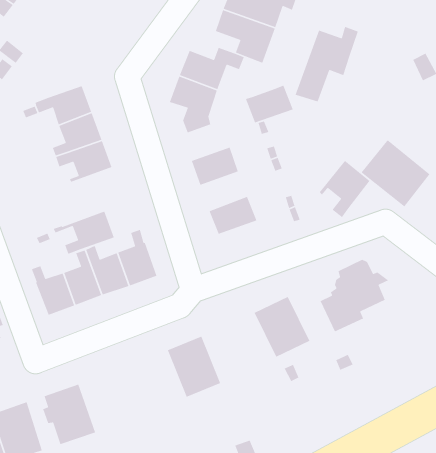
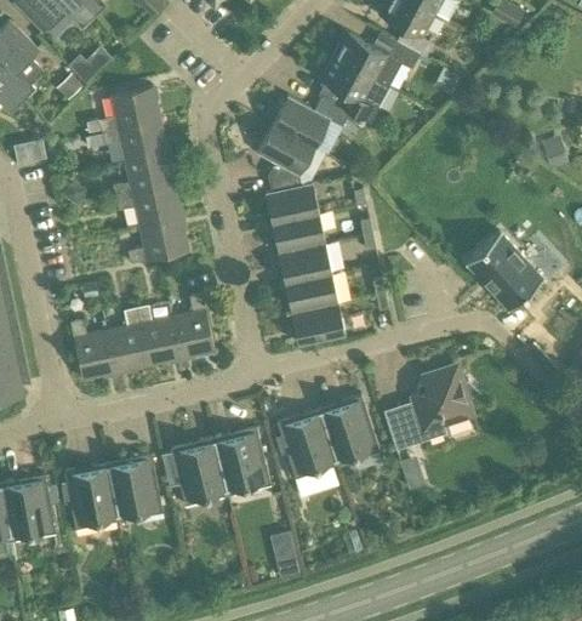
building: [295,26,359,102] -> none
building: none -> [98,87,158,132]
building: [245,85,294,124] -> [263,184,318,224]
building: [318,160,371,218] -> none
building: none -> [276,245,330,285]
building: [52,211,115,255] -> [116,220,187,264]
building: none -> [290,304,343,344]
building: none -> [274,409,336,479]
building: none -> [166,438,227,506]
building: none -> [105,454,161,522]

